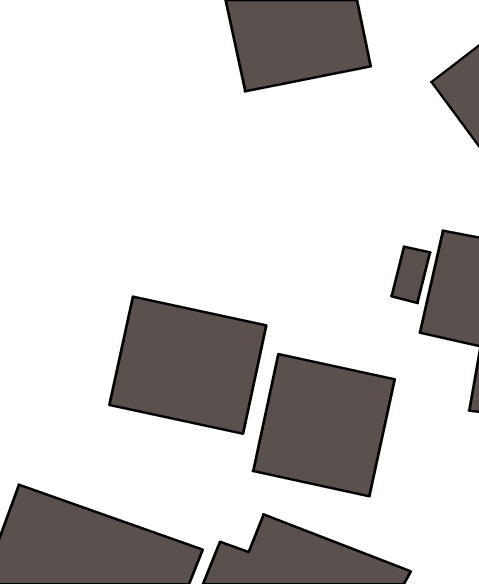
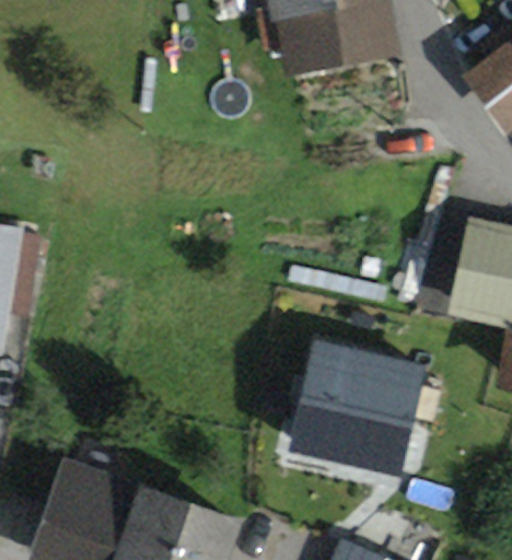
building: [110,297,266,434] -> none

